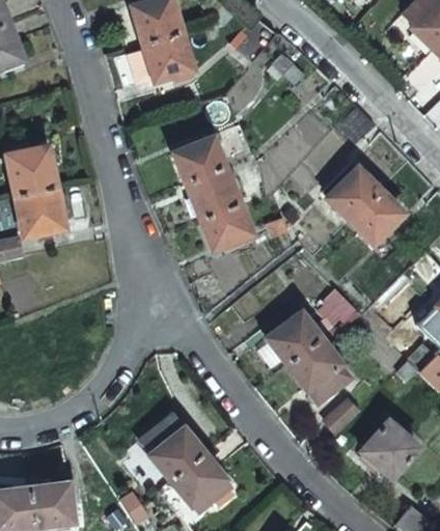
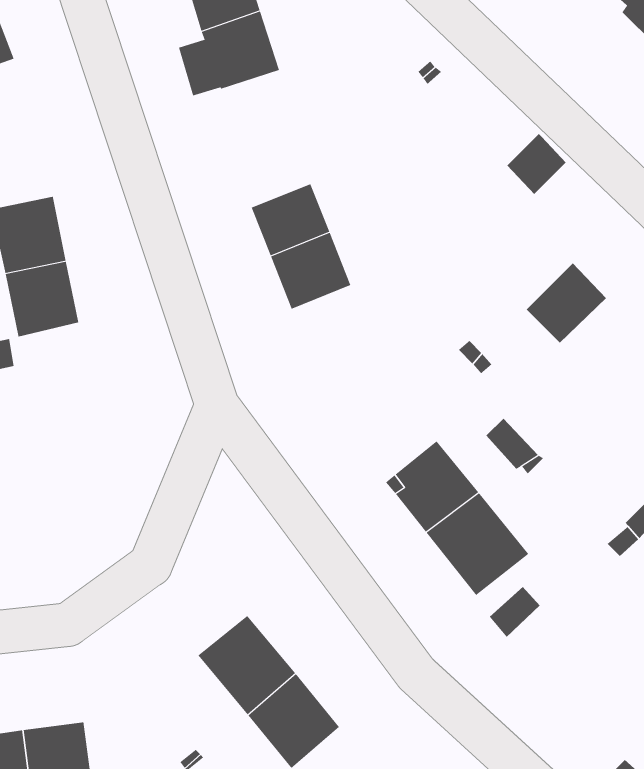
building: [327,166,381,220] -> none
building: [200,204,251,250] -> none
building: [363,419,421,476] -> none

